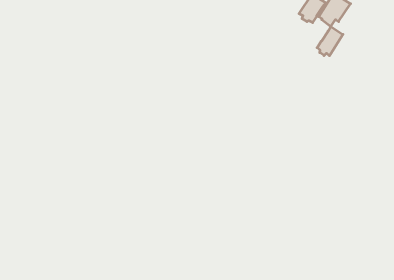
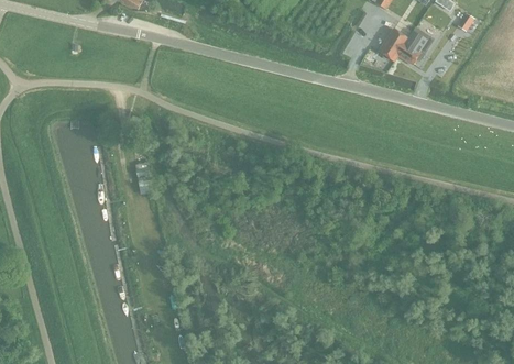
building: [317,27,343,56] -> none

